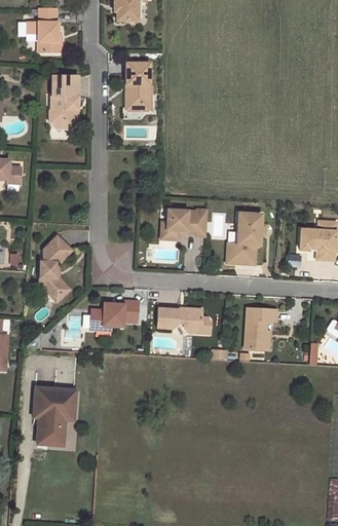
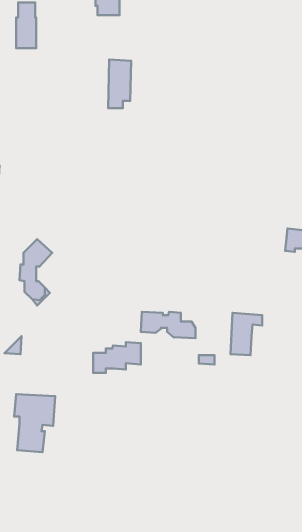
building: [48,75,78,128] -> none
building: [165,208,208,239] -> none
building: [226,212,261,264] -> none
building: [90,301,137,331] -> [93,342,141,373]

